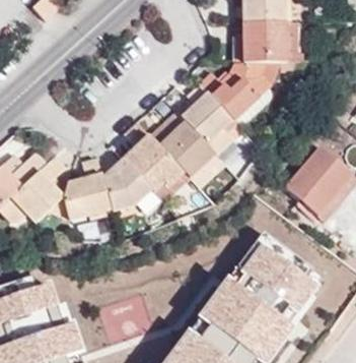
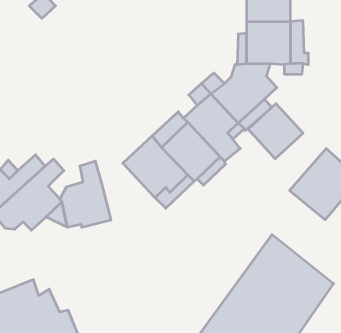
building: none -> [248,104,303,159]
building: [101,161,151,216] -> none

